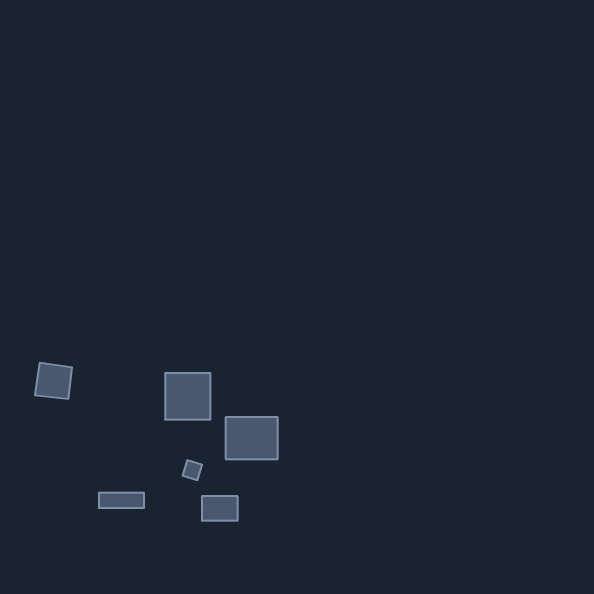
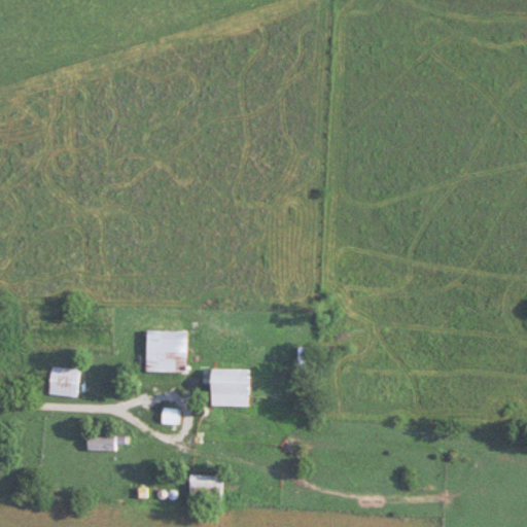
building: [35,363,72,399] -> [49,365,82,397]
building: [202,496,238,521] -> [189,476,221,497]

